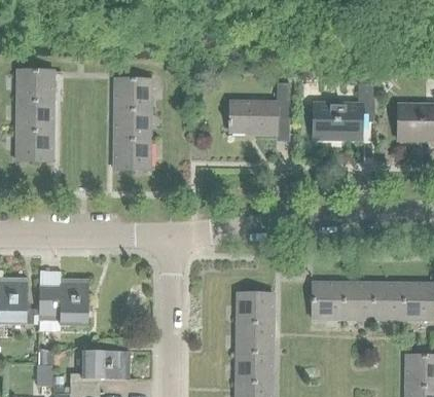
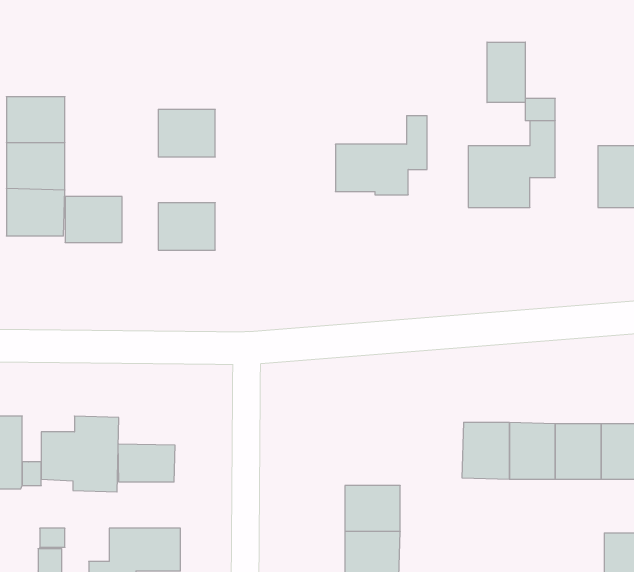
building: none -> [487,42,525,103]
building: [114,109,151,139] -> [65,197,122,242]
building: [236,292,272,323] -> none
building: none -> [118,444,175,482]

